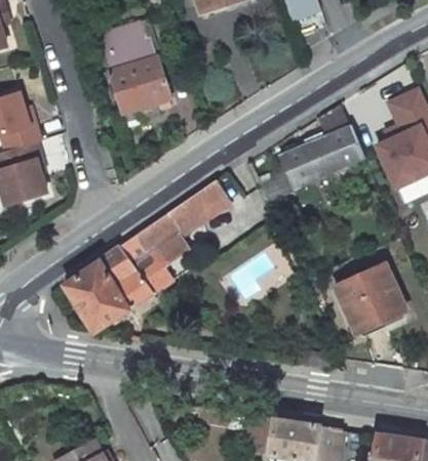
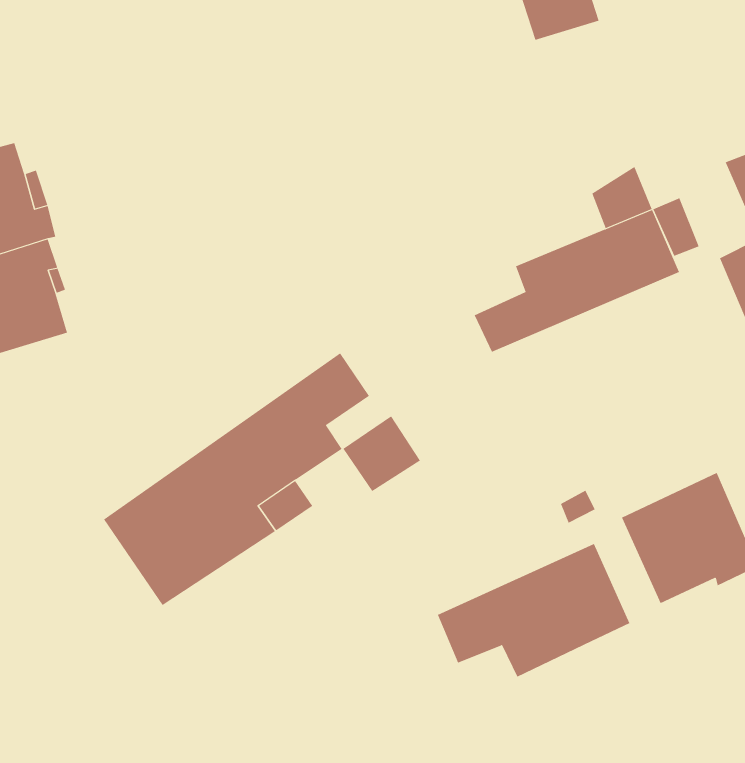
building: [102,20,169,118] -> none
building: [188,182,229,222] -> [342,415,421,492]
building: none -> [437,543,630,677]

